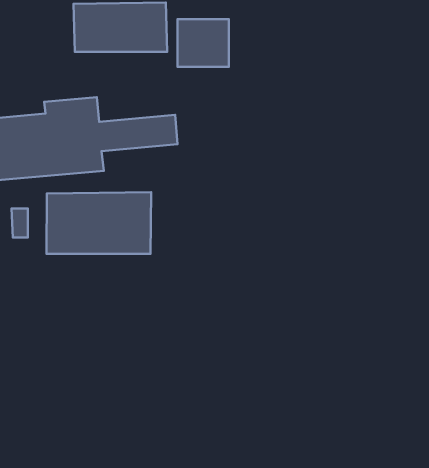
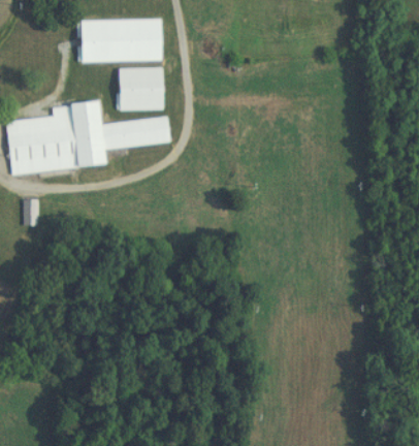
building: [178,19,229,67] -> [118,67,163,109]
building: [46,192,151,254] -> none

